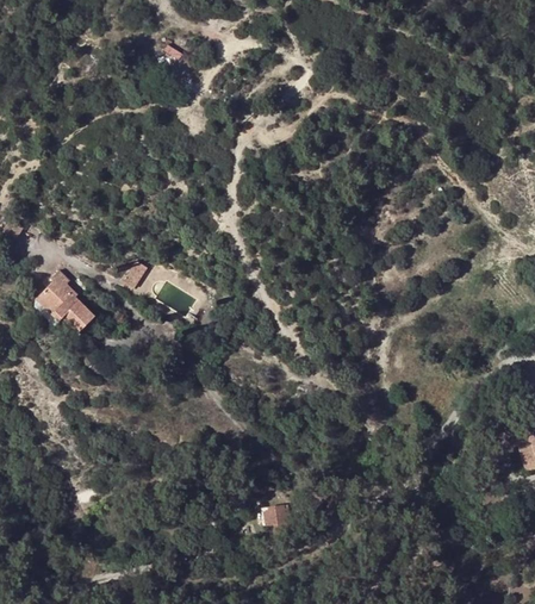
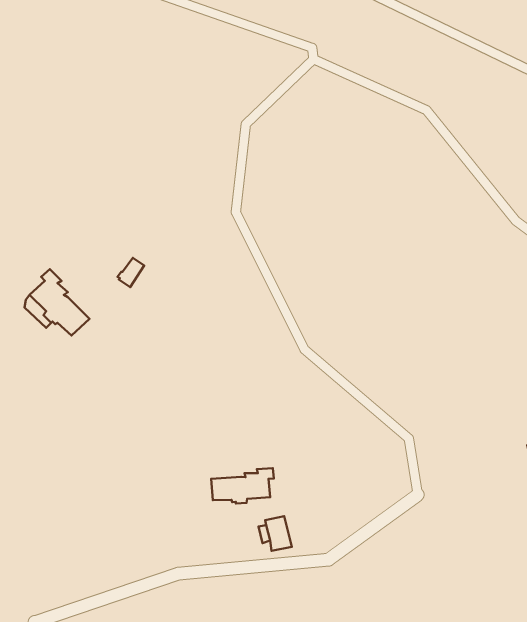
building: none -> [211,468,274,503]

